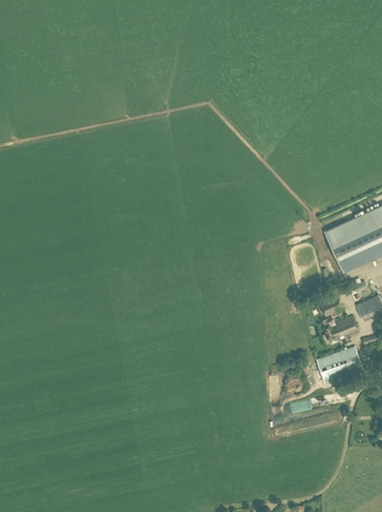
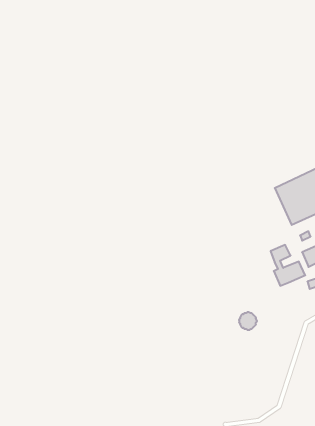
building: [315,345,363,382] -> none

